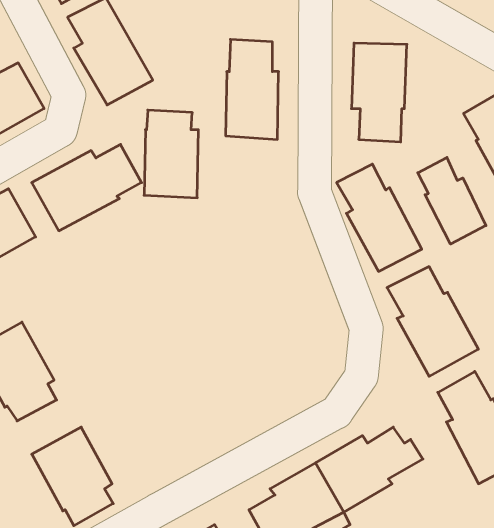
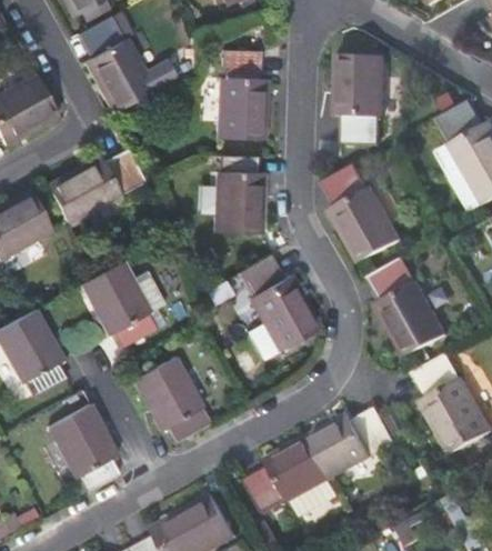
building: [144,110,198,198] -> [218,159,267,238]
building: [418,157,486,244] -> none
building: none -> [240,256,319,349]
building: none -> [80,261,158,348]
building: none -> [132,357,208,441]

